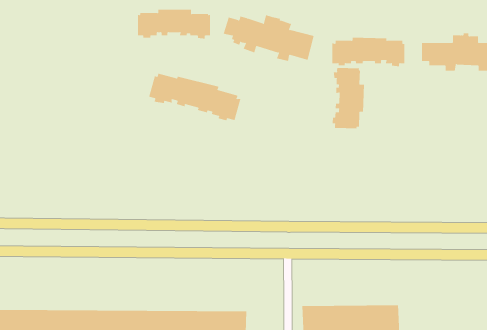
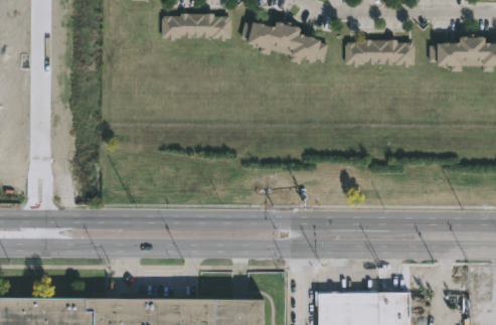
building: [332,67,365,129] -> none
building: [149,73,241,121] -> none

